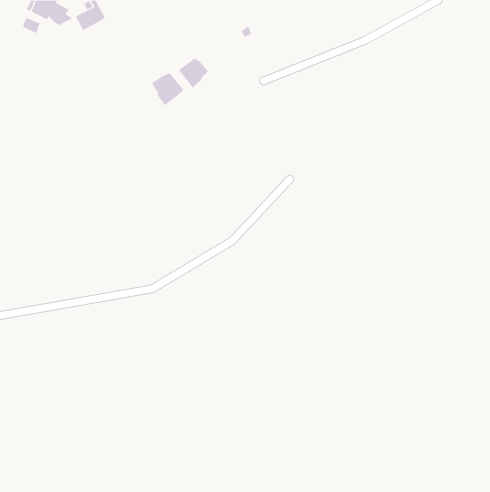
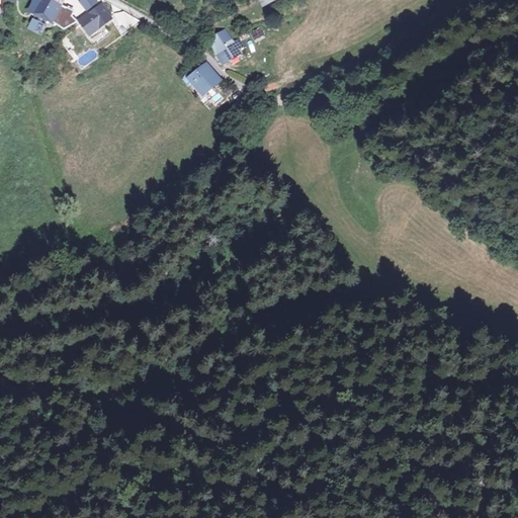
building: none -> [207,30,244,62]
building: [151,73,185,106] -> none

